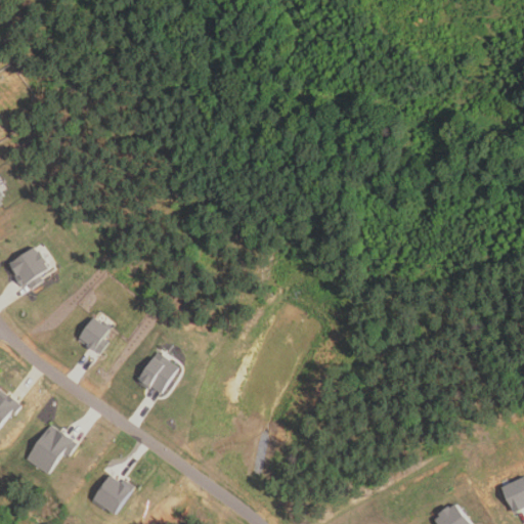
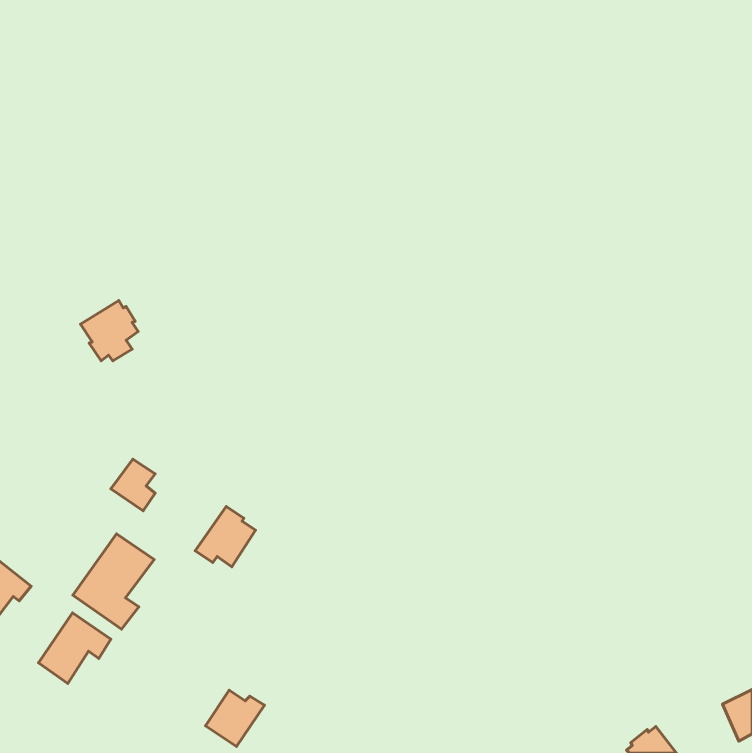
building: [7,247,47,289] -> [80,300,138,361]
building: none -> [73,534,154,629]
building: [92,475,133,514] -> [205,690,264,746]

